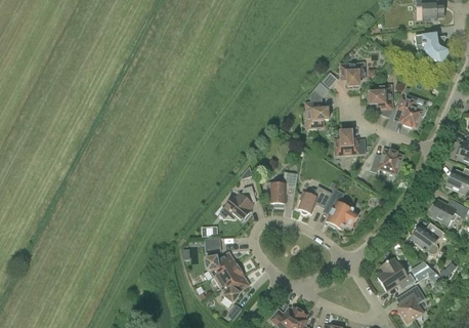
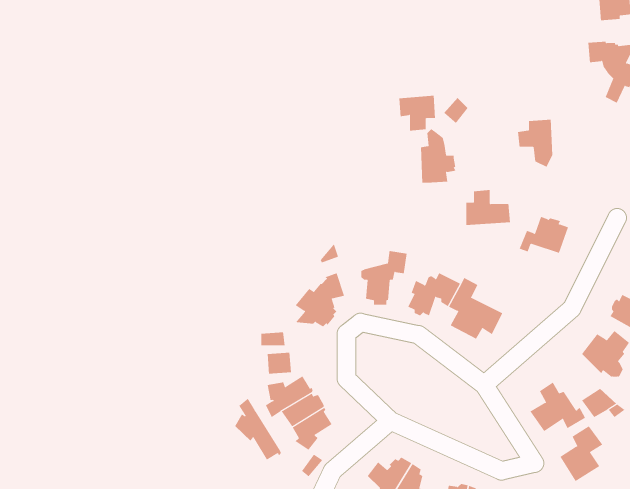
building: [340,62,365,85] -> [398,95,436,131]
building: [397,95,425,126] -> none
building: none -> [235,398,282,461]

